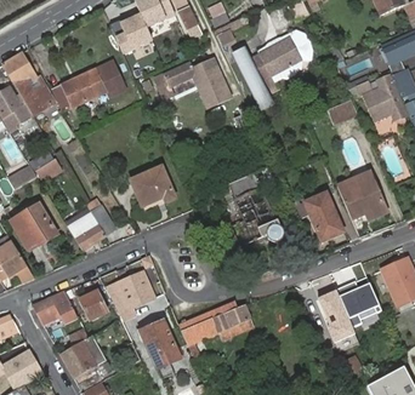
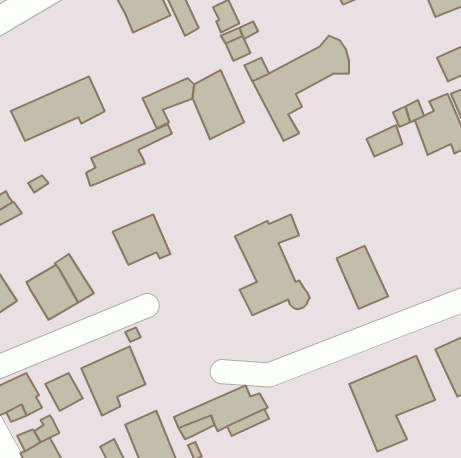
building: [113,12,153,53] -> none
building: none -> [86,124,172,186]
building: [337,170,390,221] -> none

